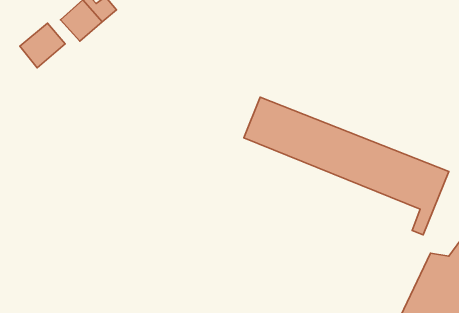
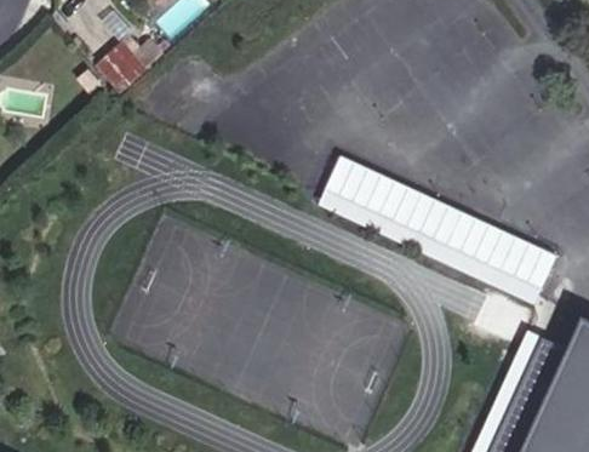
building: [20,23,65,68] -> none

